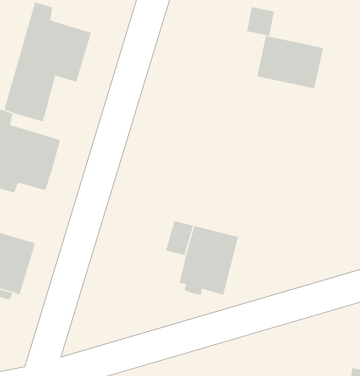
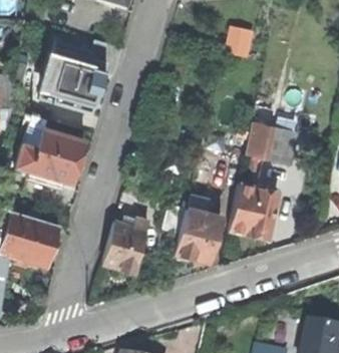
building: [257,35,324,89] -> [247,120,301,163]
building: none -> [230,182,280,238]
building: none -> [102,219,150,275]

